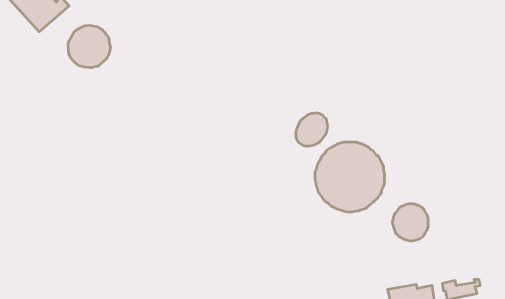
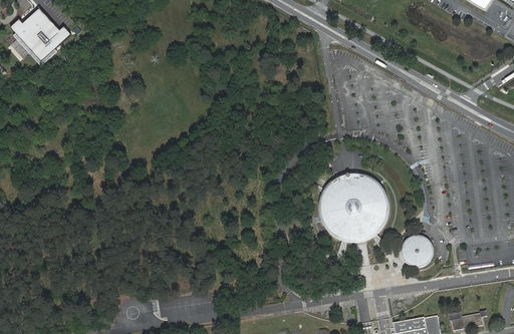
building: [68,25,110,68] -> none
building: [296,113,328,146] -> none

